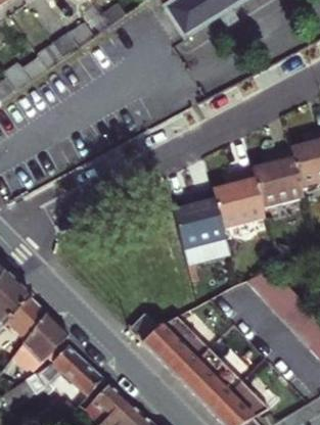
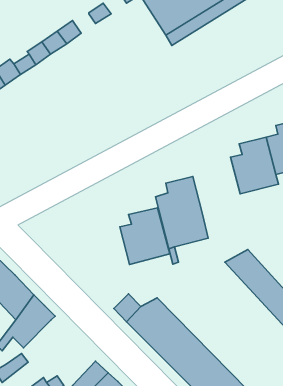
building: [214,168,267,228] -> [120,208,170,264]
building: [37,344,104,394] -> none

